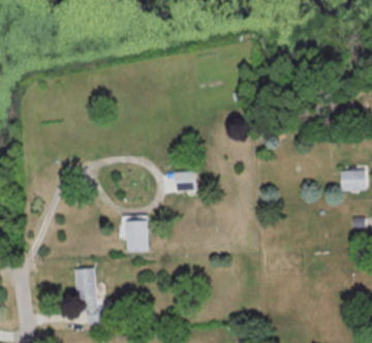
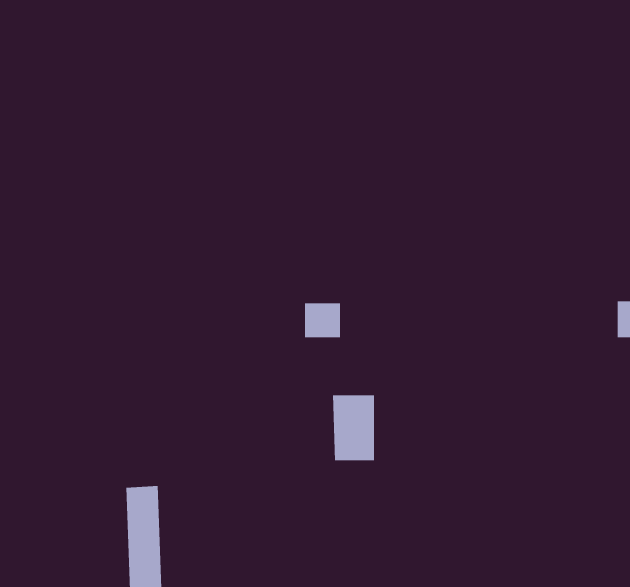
building: [124,217,147,252] -> [332,395,375,461]

